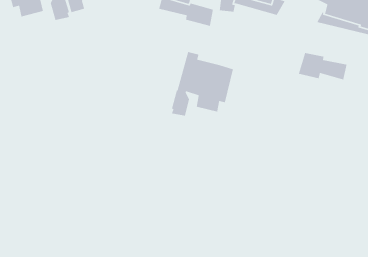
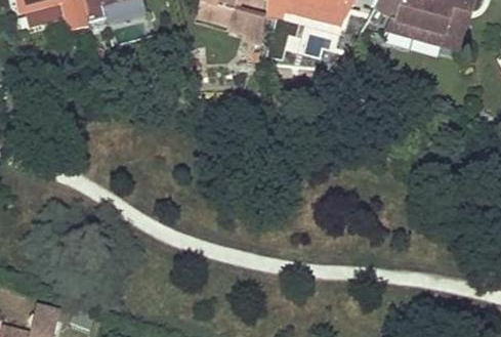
building: [171,51,234,117] -> none
building: [298,52,348,80] -> none

